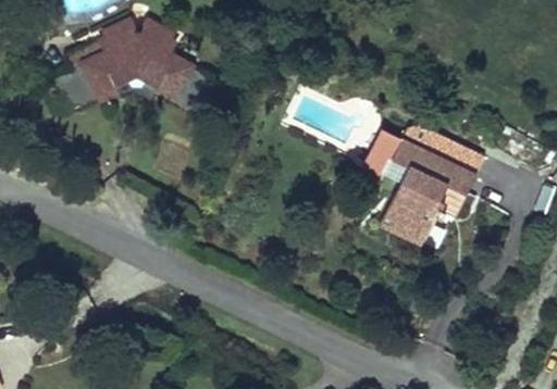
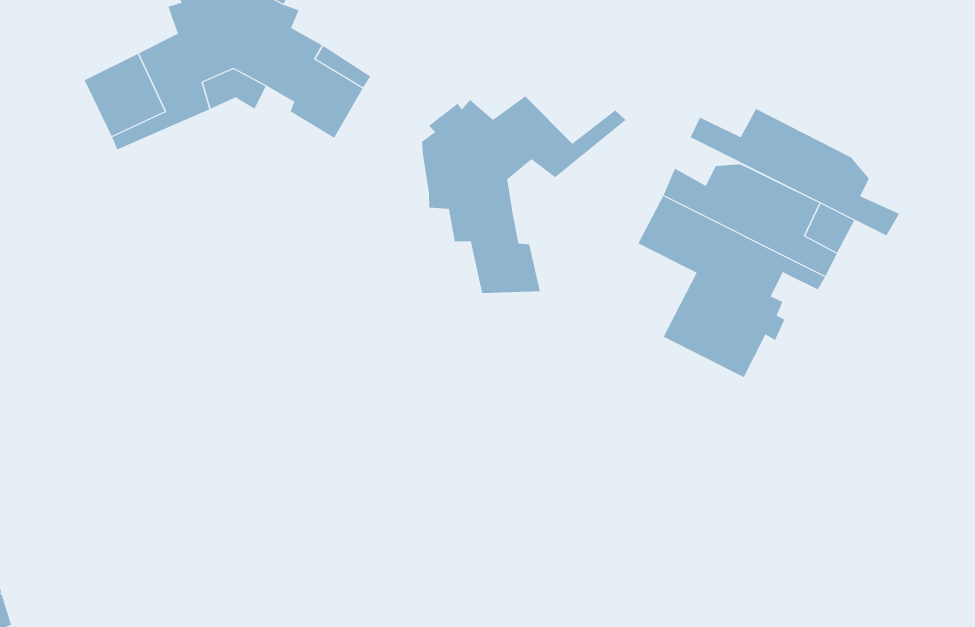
building: none -> [421,96,626,294]
building: none -> [690,108,900,236]

